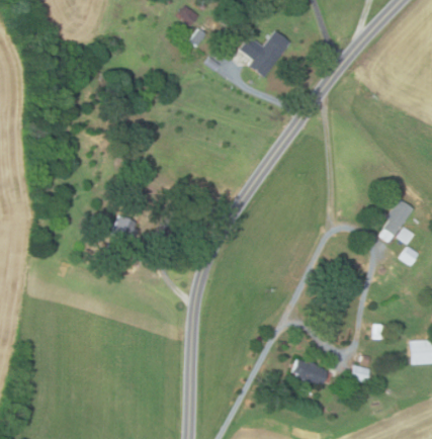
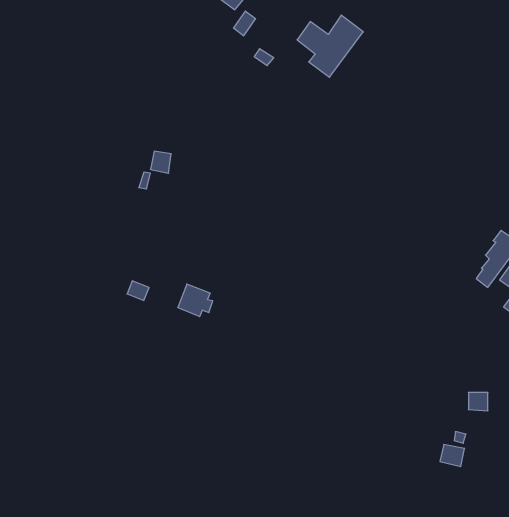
building: [111,215,139,241] -> [178,284,213,317]
building: [292,358,329,388] -> none

